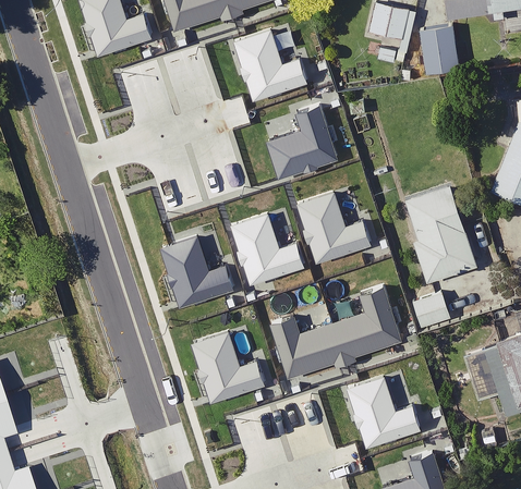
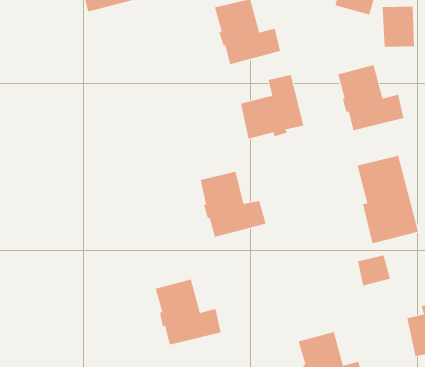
building: [299,192,373,264] -> [337,65,404,131]
building: [162,235,237,307] -> none
building: [272,288,405,379] -> none

